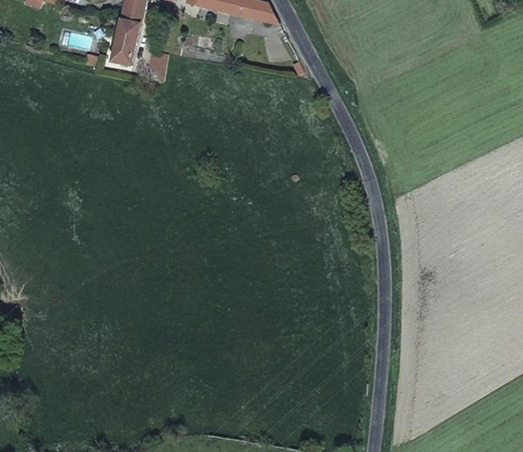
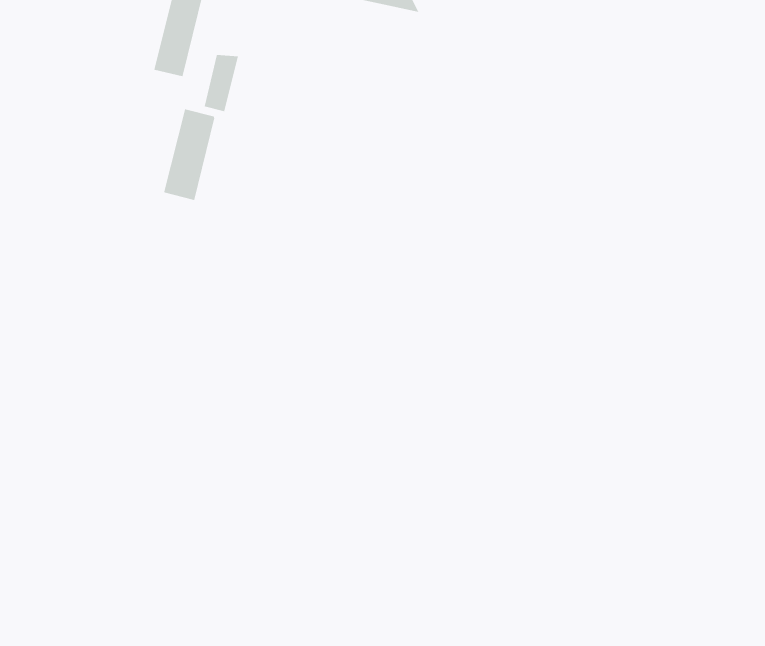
building: none -> [164,109,215,201]

